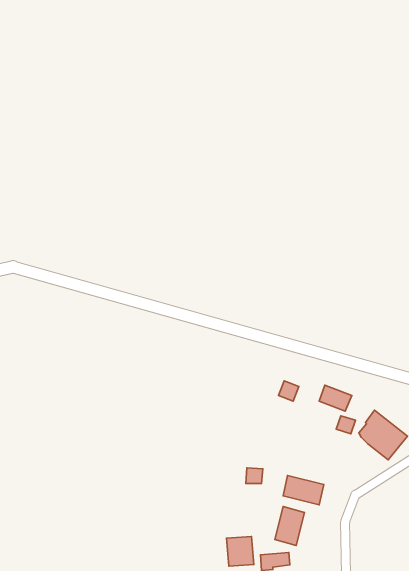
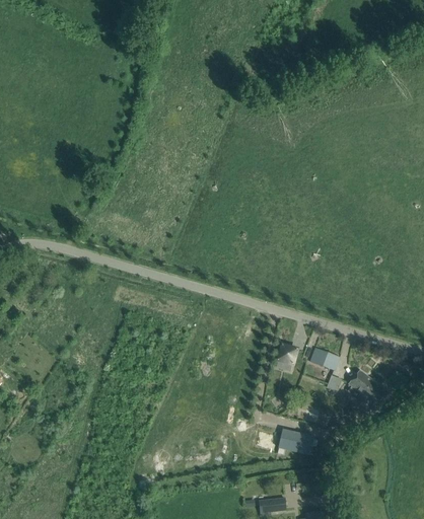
building: [275,507,305,545] -> none
building: [226,536,254,566] -> none

